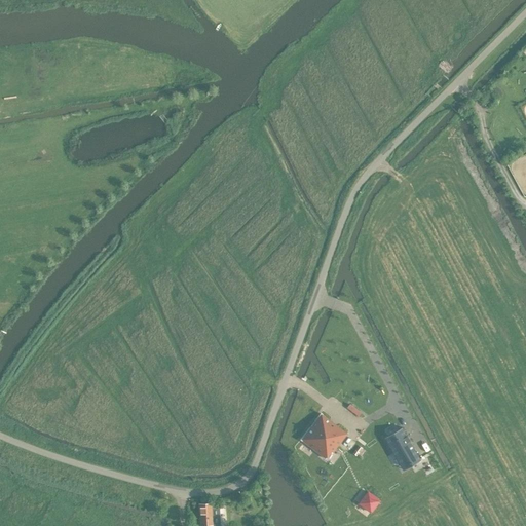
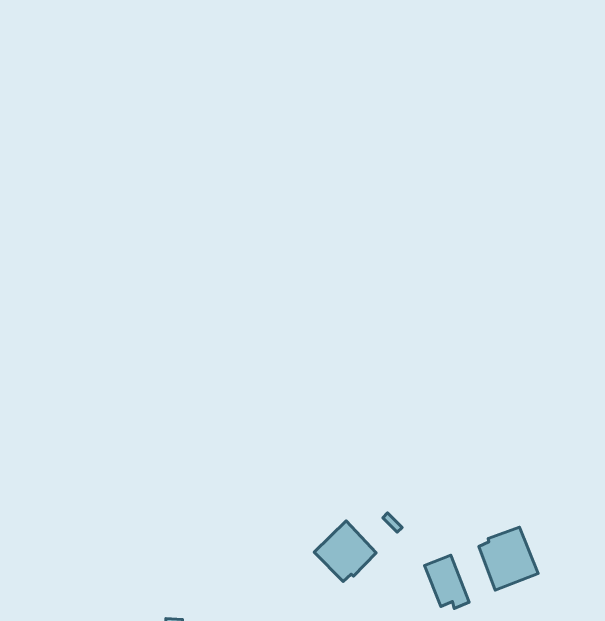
building: none -> [479,527,538,590]

